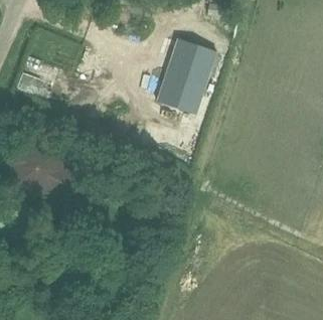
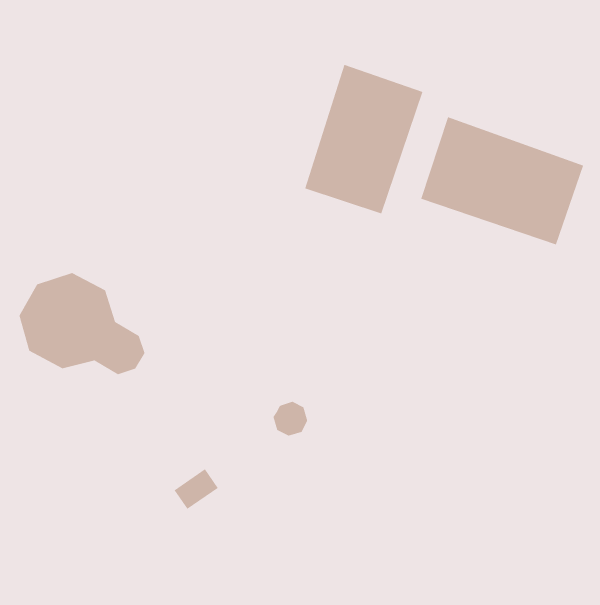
building: none -> [420,116,584,245]

